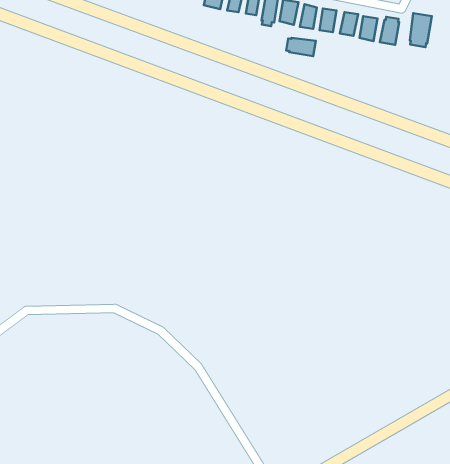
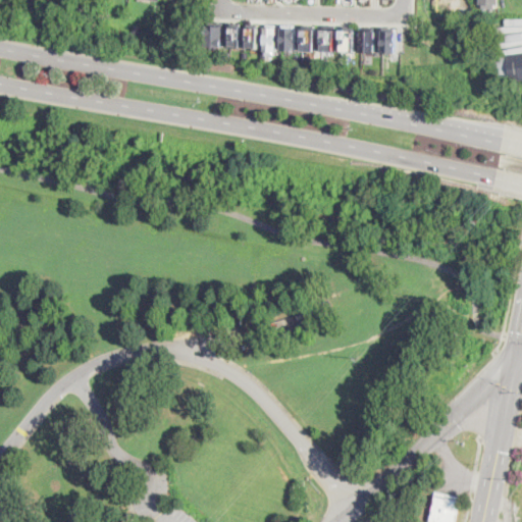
building: [410,13,432,47] -> none
building: [286,38,316,56] -> none

